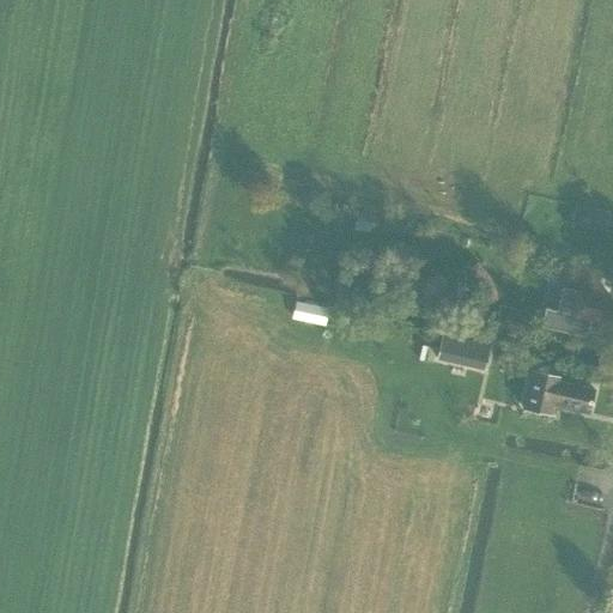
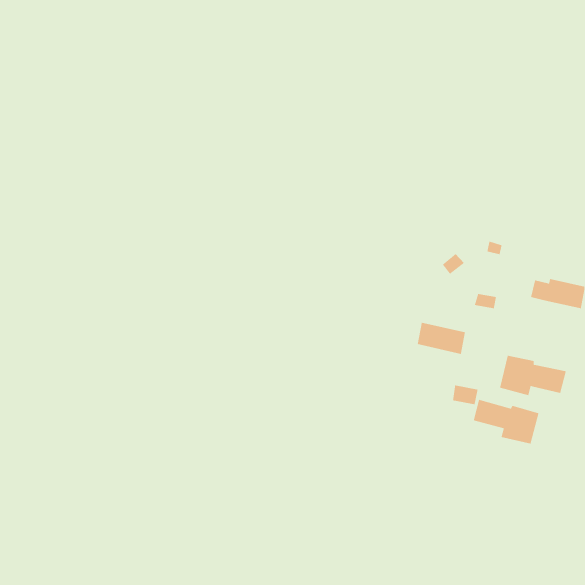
building: none -> [473,399,539,445]

